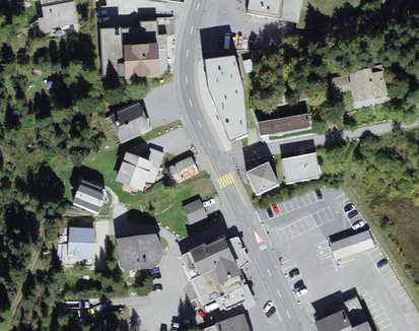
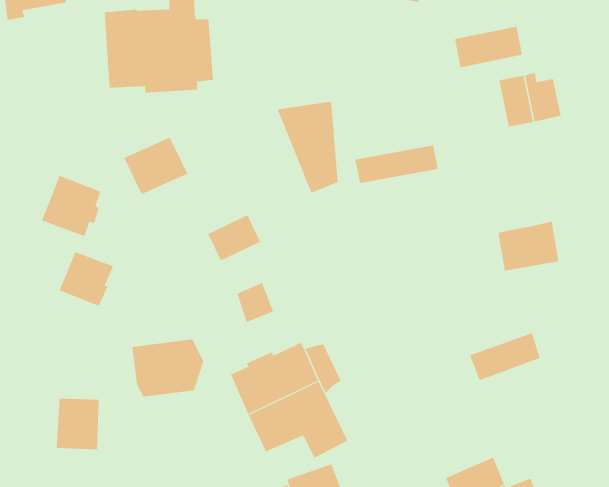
building: none -> [454,26,523,68]
building: [204,54,242,89] -> none
building: [115,151,152,190] -> [41,175,101,237]
building: [281,151,320,183] -> [498,221,559,271]
building: [245,160,278,196] -> none
building: [67,226,94,259] -> [56,398,99,450]

